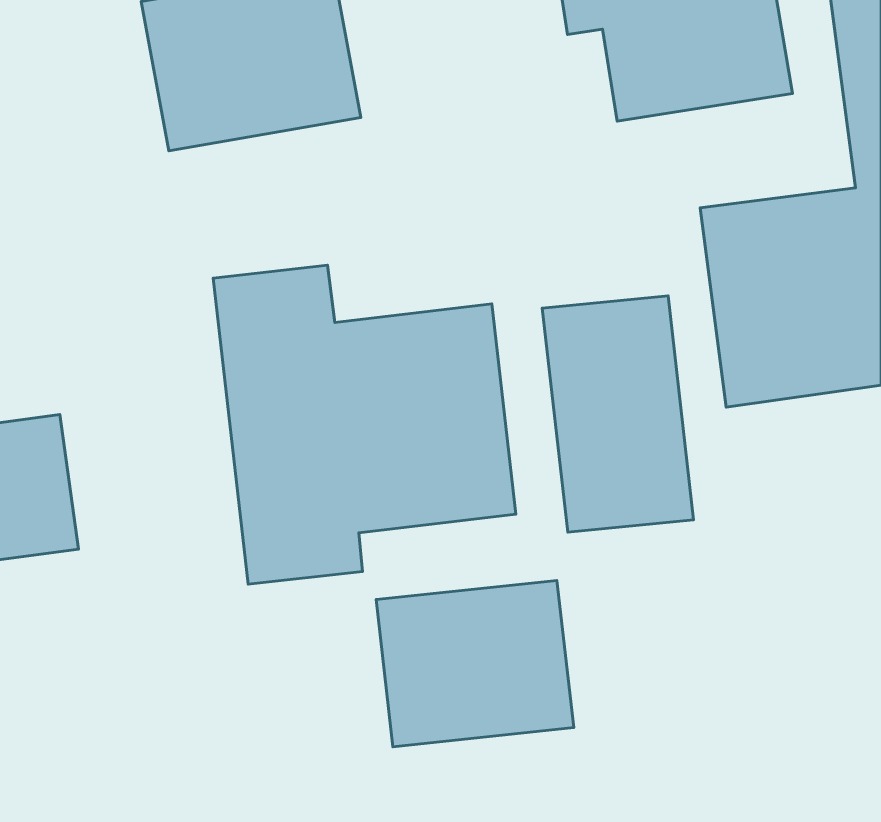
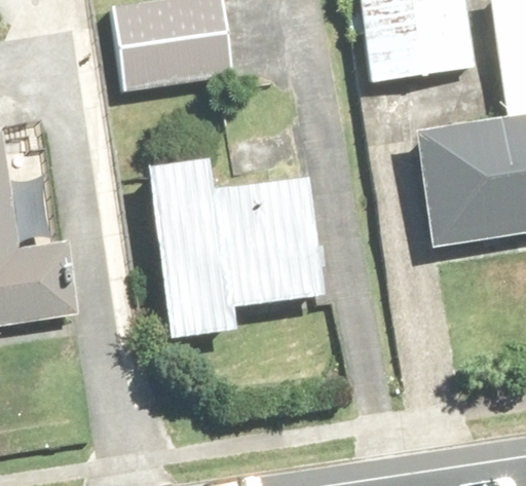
building: [542,296,694,532] -> none
building: [376,580,574,747] -> none

